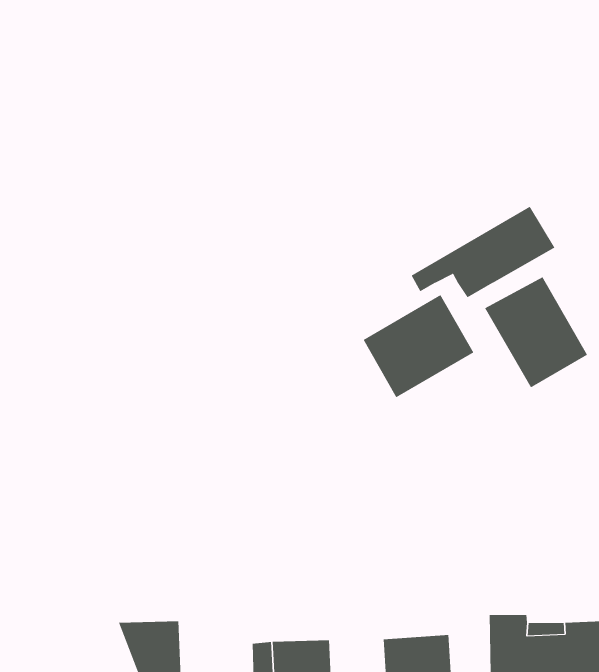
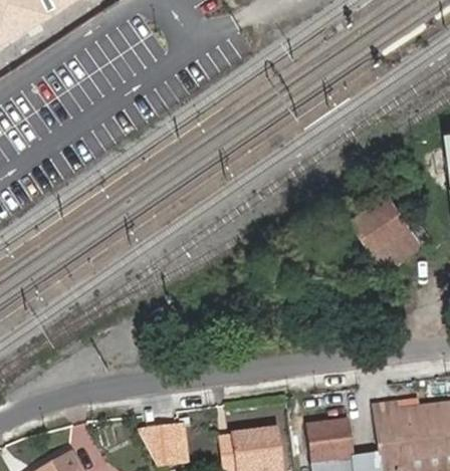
building: [411,206,555,298] -> none
building: [363,294,474,398] -> none

